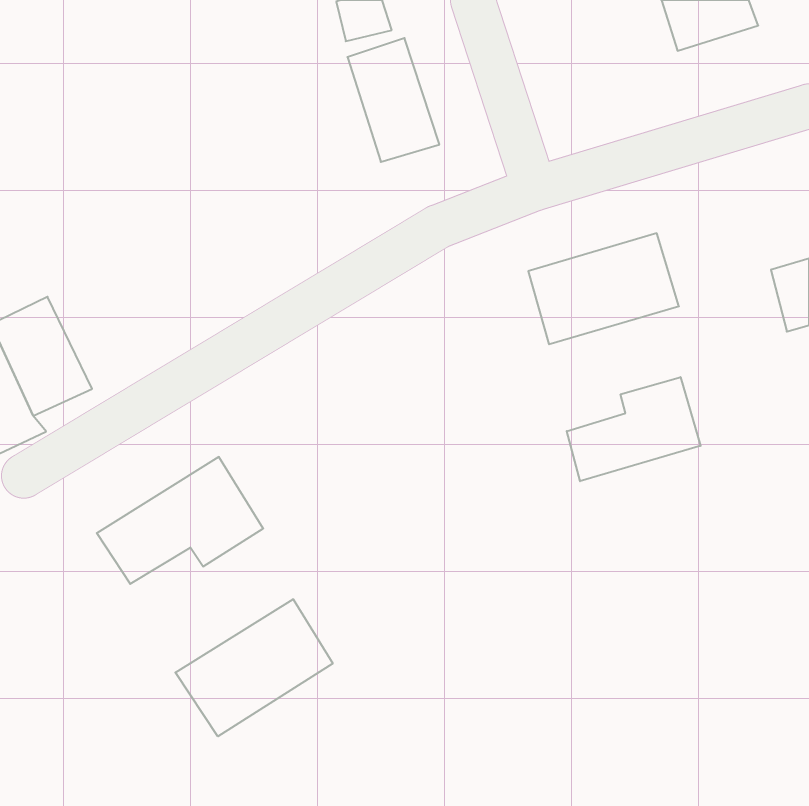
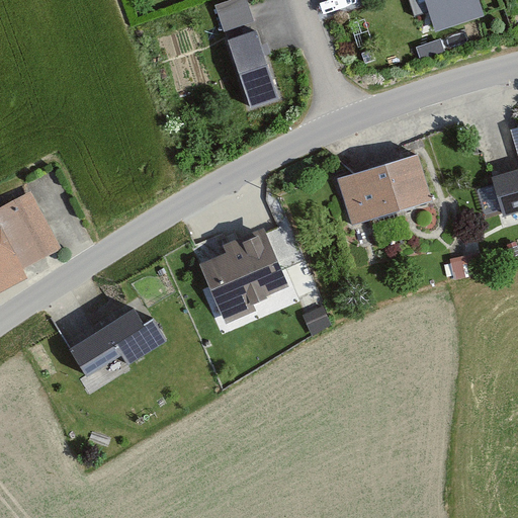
building: none -> [200,236,290,315]
building: [567,377,701,481] -> none
building: [175,599,333,736] -> none

